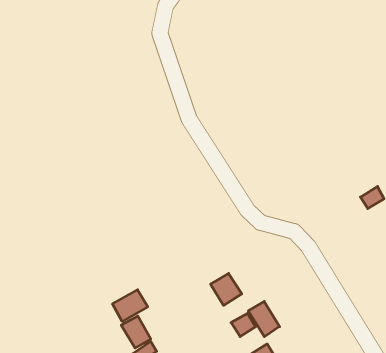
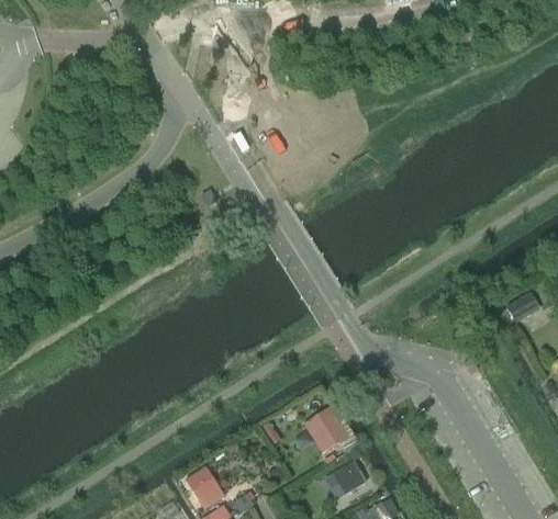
building: [113,290,148,321] -> none
building: [248,301,280,337] -> none

